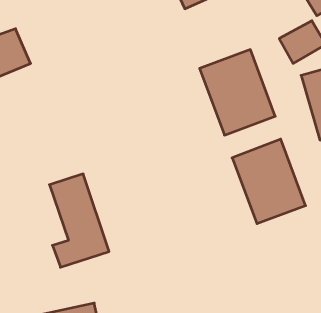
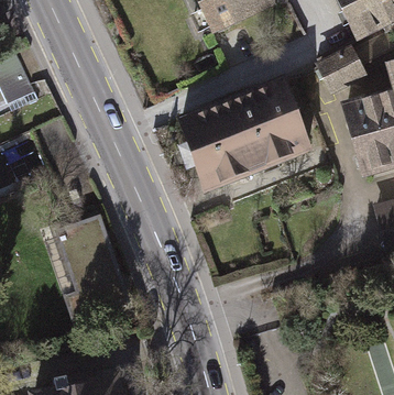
building: [232,139,306,224] -> [175,99,256,193]

